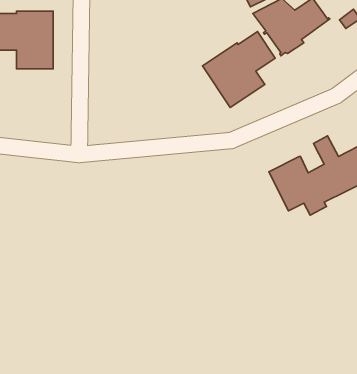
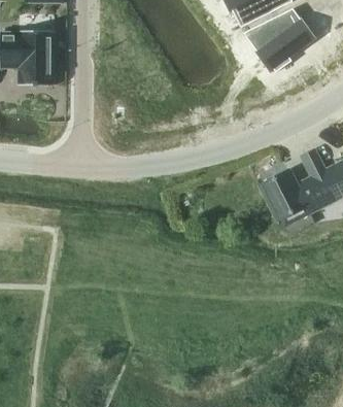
building: [203,32,275,107] -> none

